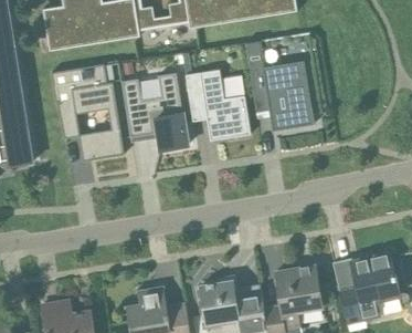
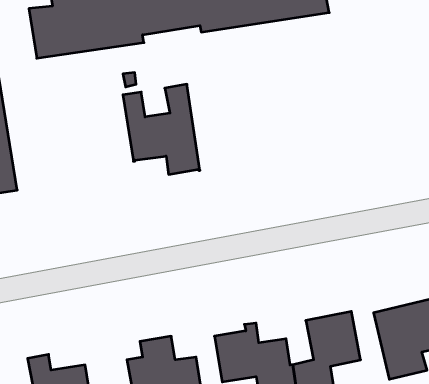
building: [249,61,314,131] -> none
building: [52,65,125,162] -> none
building: [186,71,250,141] -> none

